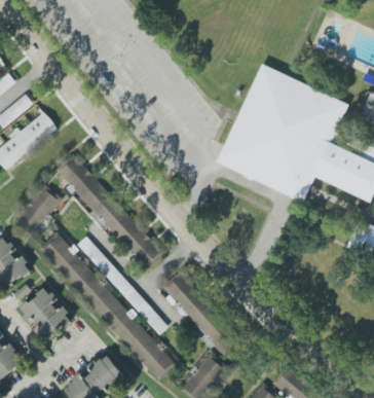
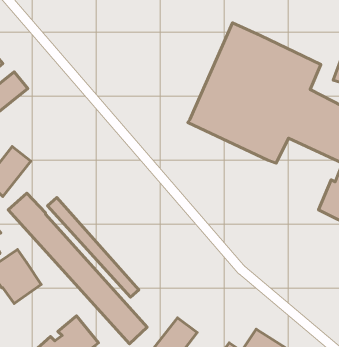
building: [59,154,163,268] -> none
building: [163,274,240,354] -> none

